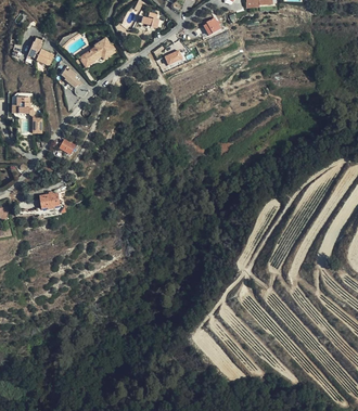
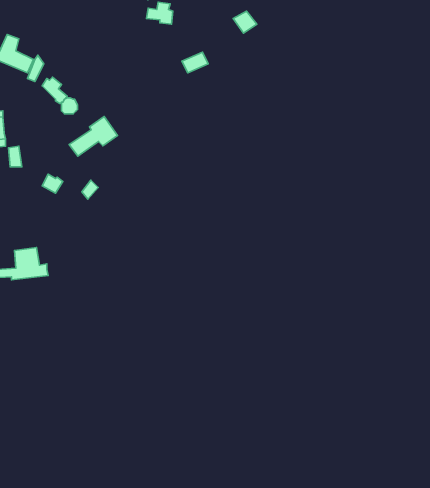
building: [78,37,114,66] -> [69,116,117,156]

